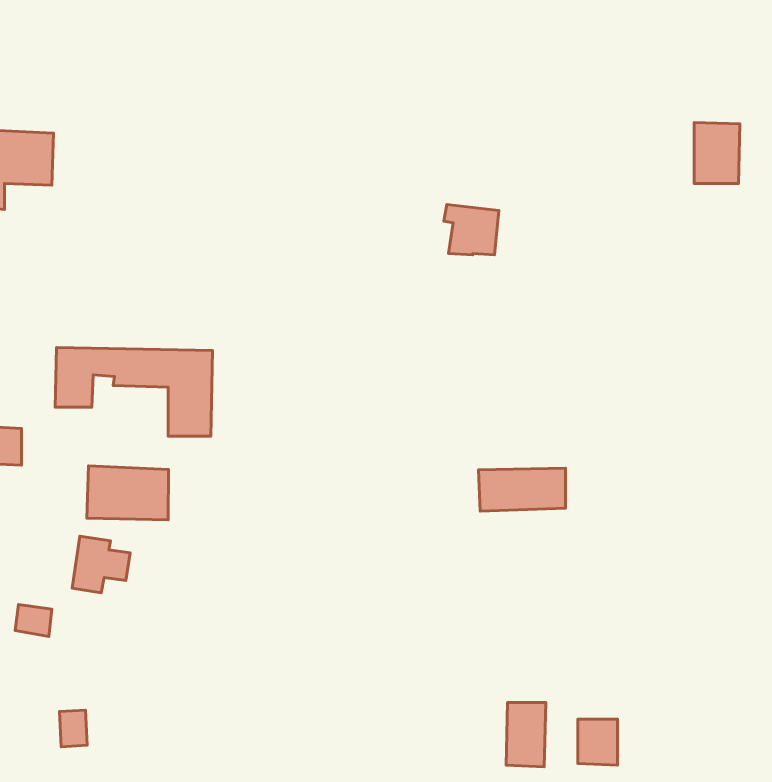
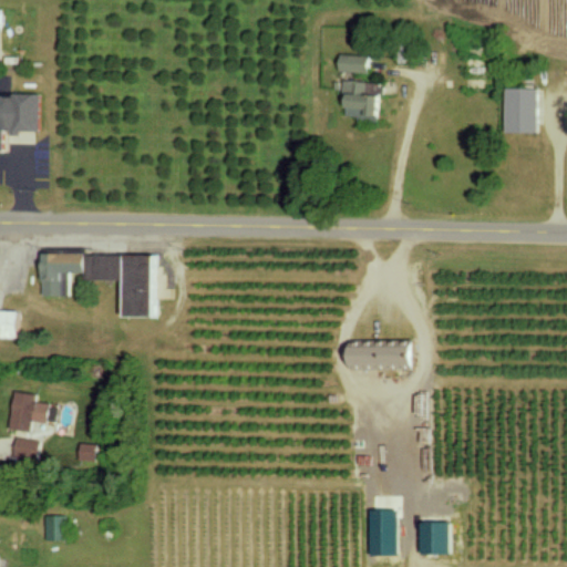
building: none -> [337,55,367,73]
building: [444,204,499,255] -> [338,81,378,117]
building: [87,466,168,520] -> none
building: [72,536,130,593] -> [7,391,49,432]

